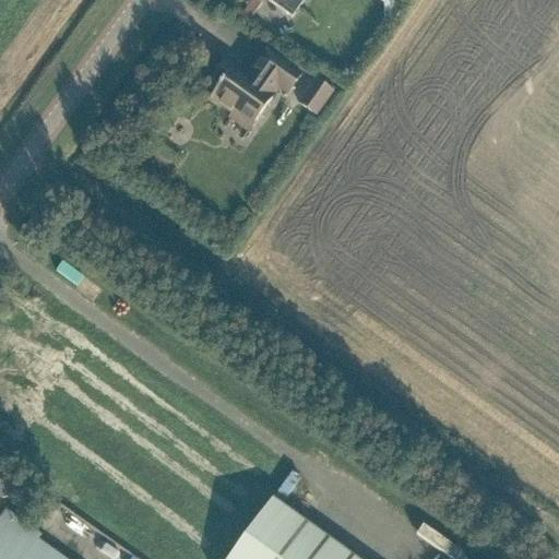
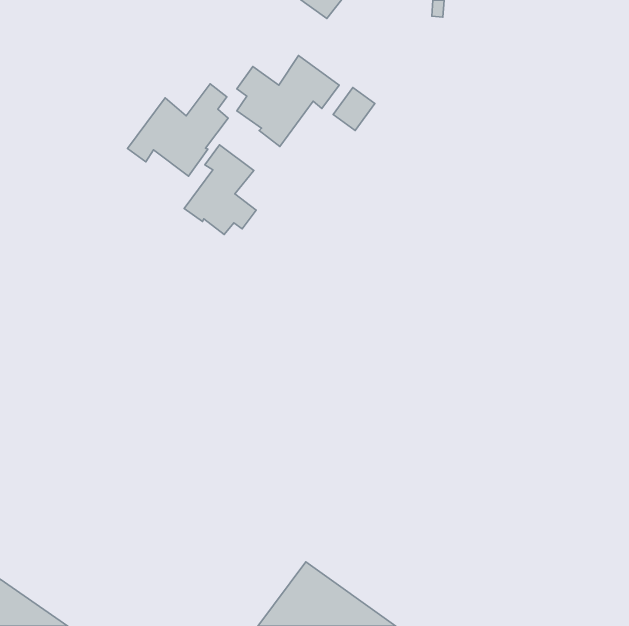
building: none -> [128,84,228,176]
building: none -> [184,145,256,235]

